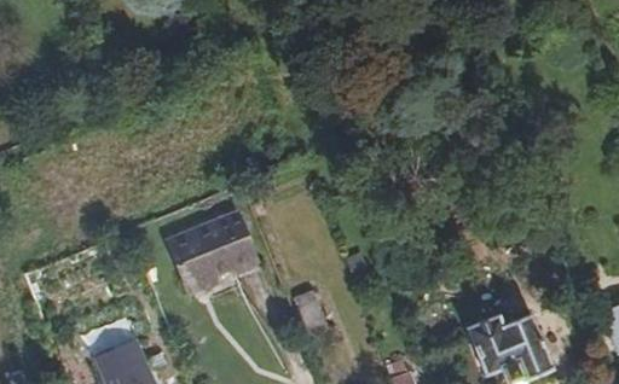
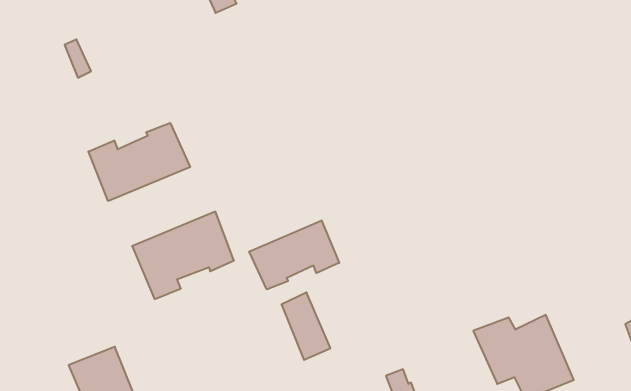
building: none -> [88,123,190,201]
building: none -> [249,220,339,289]

